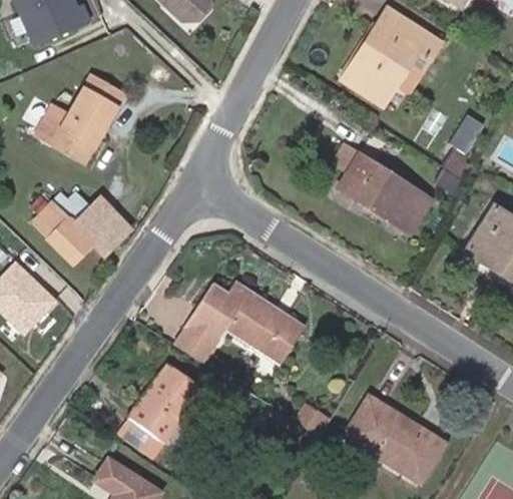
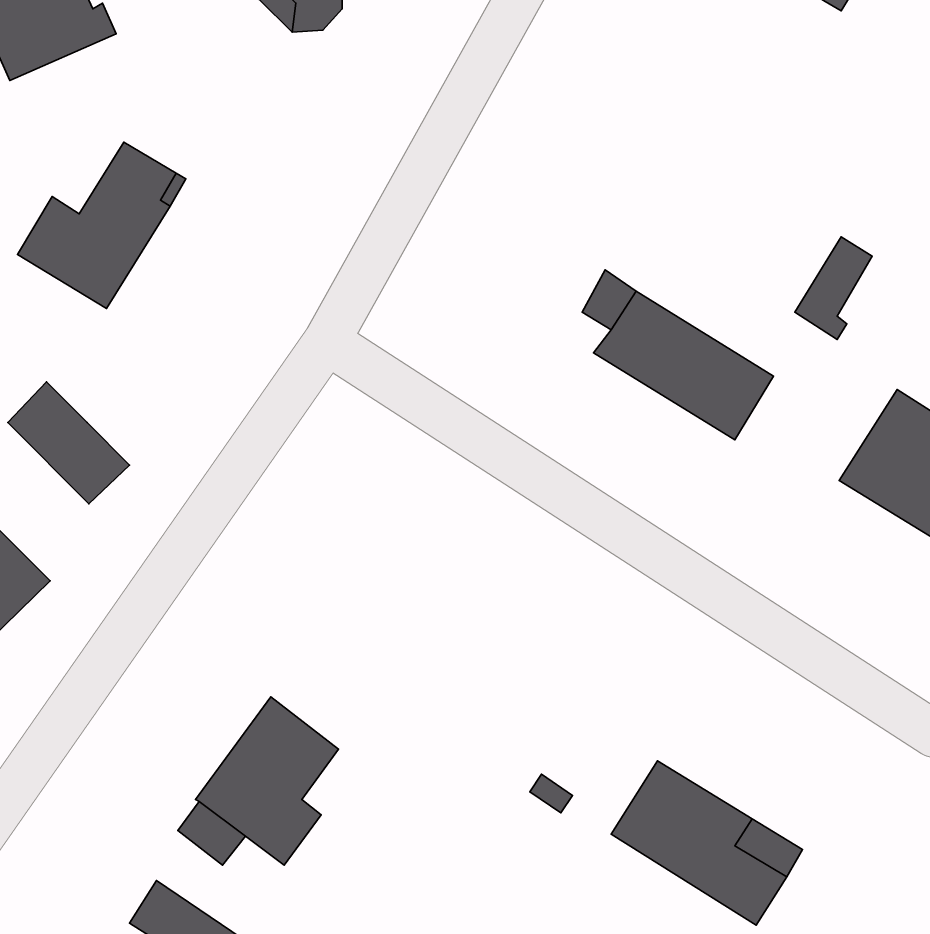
building: [342,8,438,104] -> none
building: [73,196,129,254] -> none
building: [173,283,304,365] -> none

